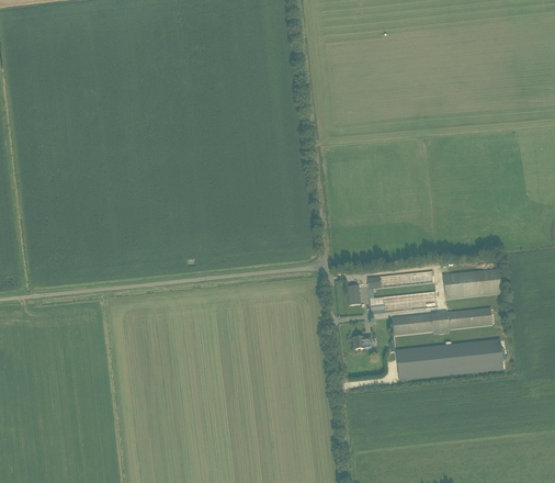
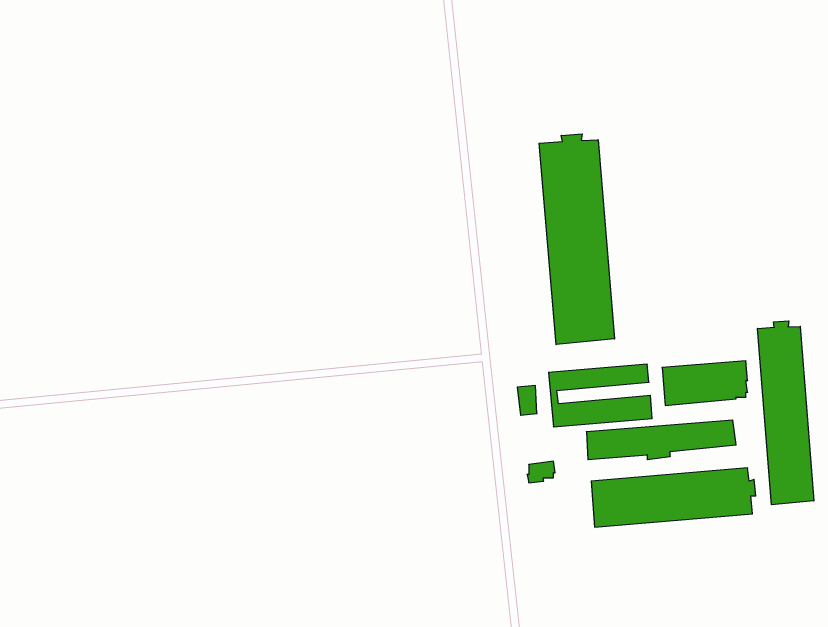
building: none -> [539,134,614,345]
building: none -> [758,321,814,505]

